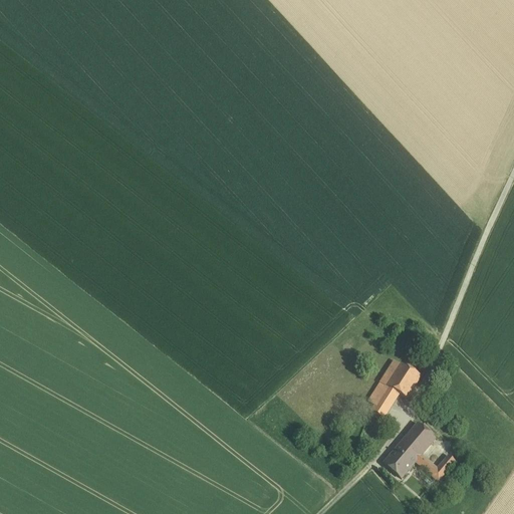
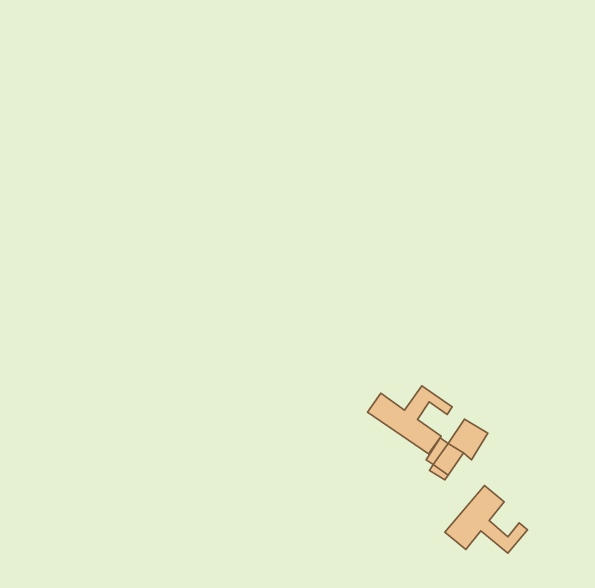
building: none -> [368,386,452,454]

